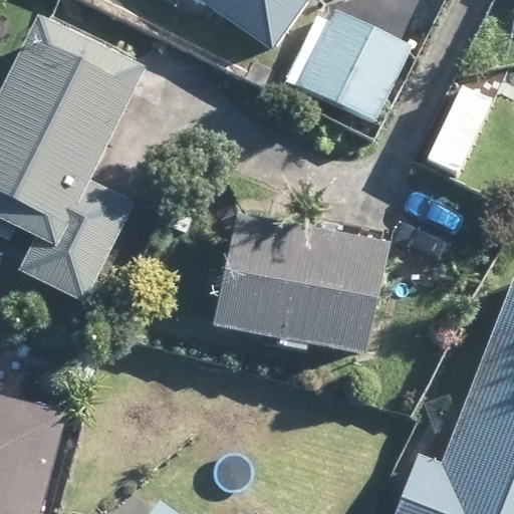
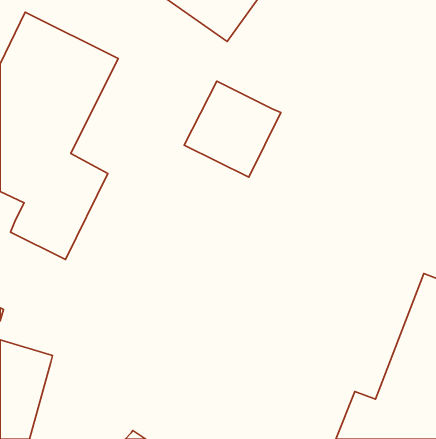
building: [298,10,411,121] -> [184,81,281,177]
building: [211,213,382,356] -> none

